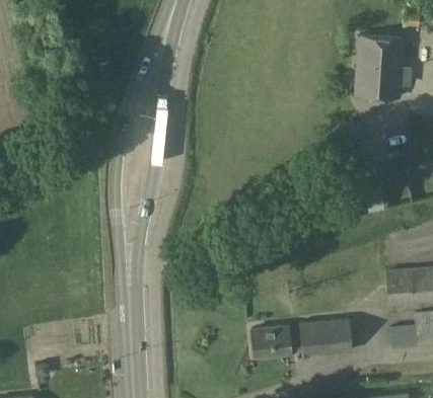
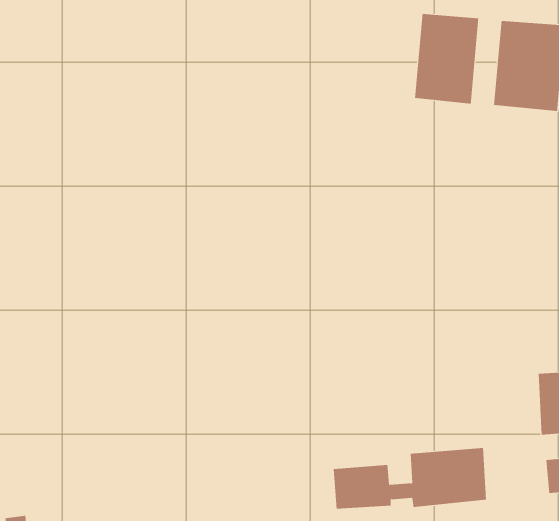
building: none -> [415,13,479,105]

